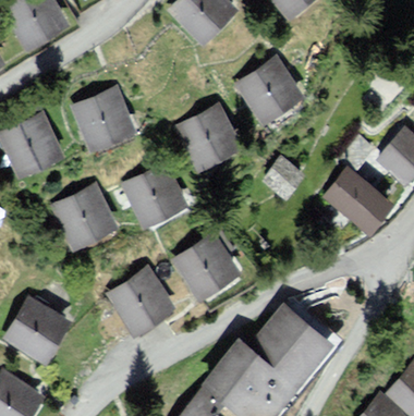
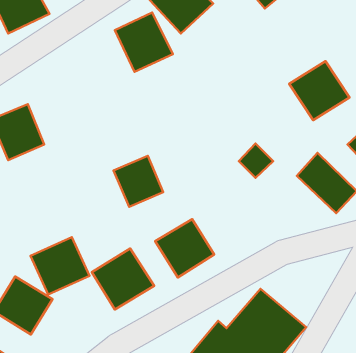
building: [236,59,300,121] -> [289,61,349,120]
building: [75,90,130,147] -> none
building: [176,106,238,168] -> [115,13,173,72]
building: [53,186,115,246] -> [31,237,90,294]

